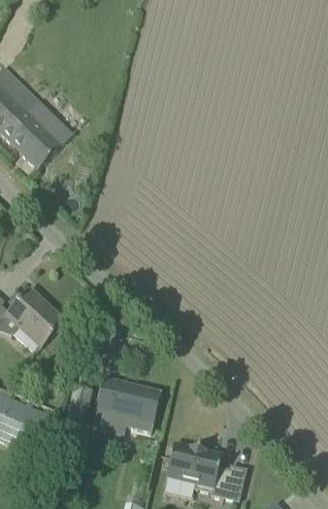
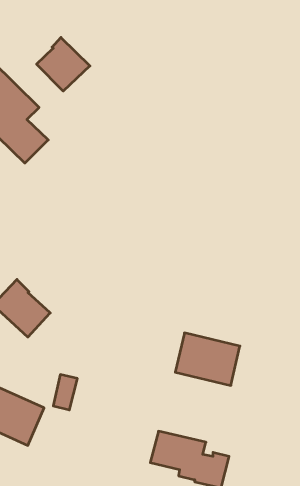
building: none -> [37,37,90,91]
building: [95,377,161,431] -> [175,333,240,385]

